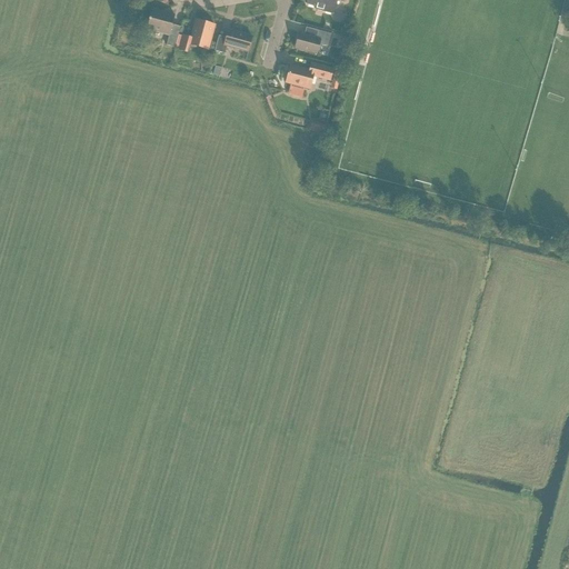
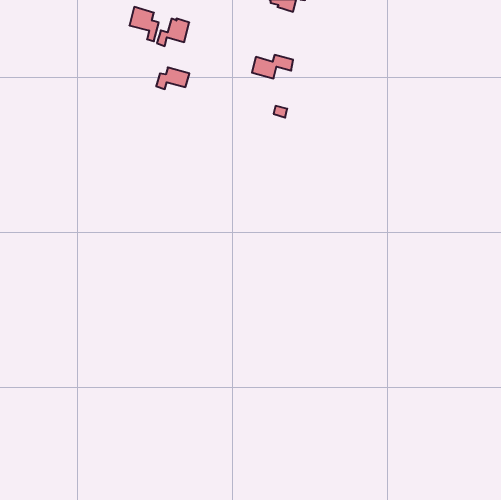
building: [214,29,252,53] -> [156,67,189,89]
building: [295,30,331,53] -> none

